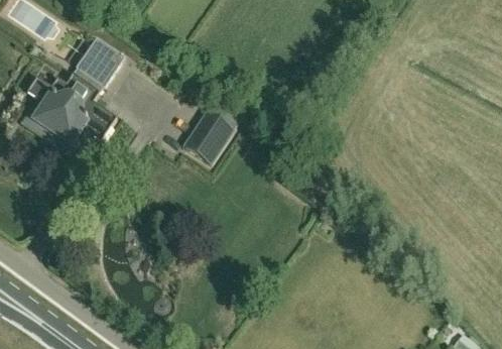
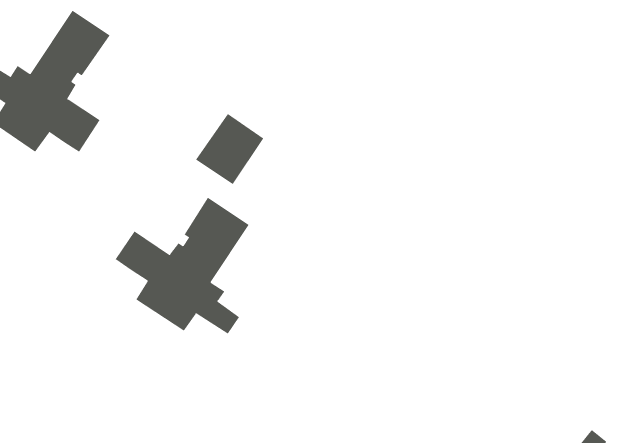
building: none -> [115,197,250,334]

